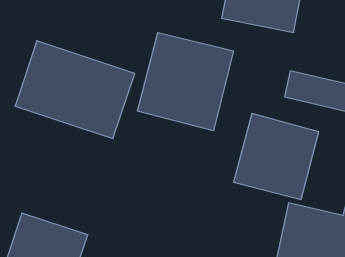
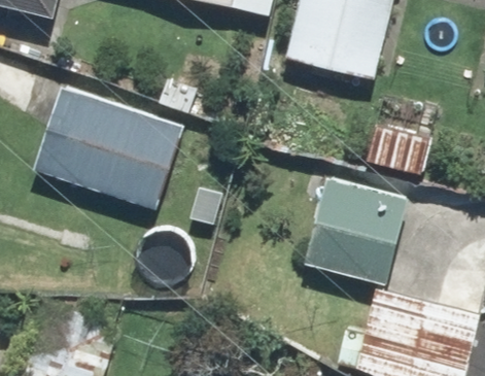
building: [137,33,233,131] -> none

